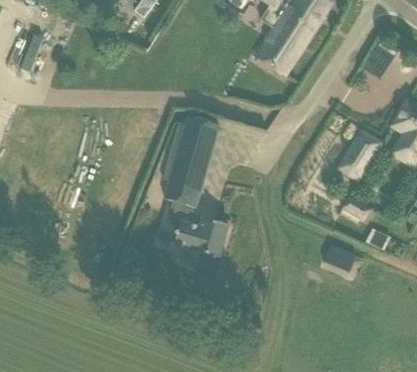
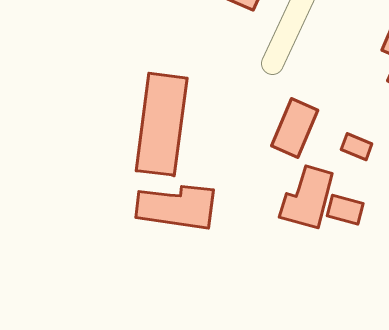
building: [338,129,383,180] -> [271,99,318,157]
building: none -> [279,166,332,228]

